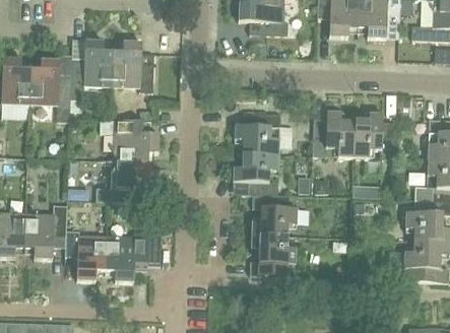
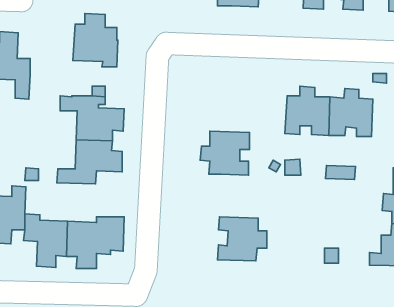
building: [71,40,114,99] -> none
building: [235,112,293,153] -> none
building: [251,193,298,235] -> none

